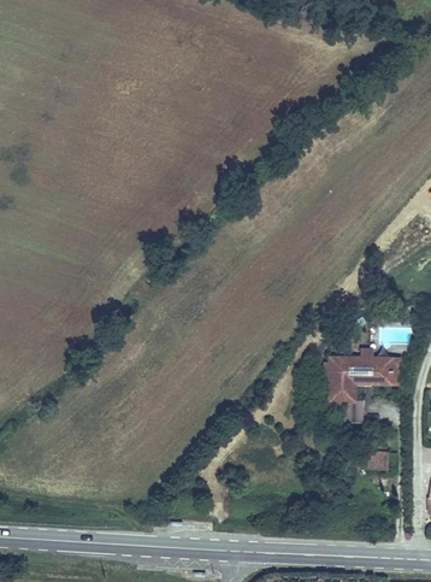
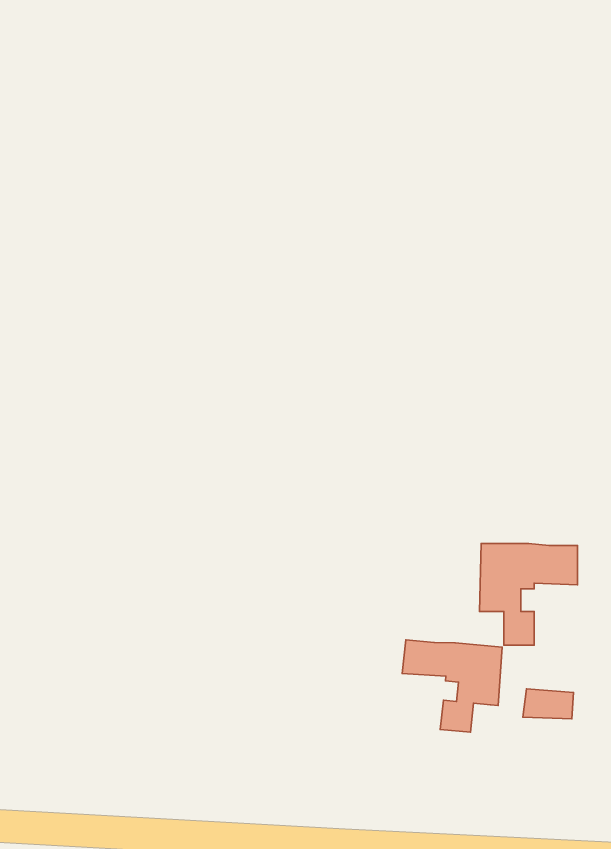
building: none -> [402,640,502,732]

